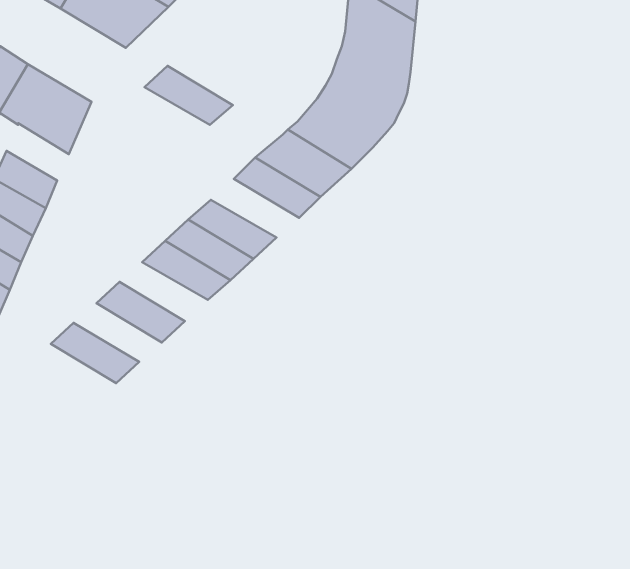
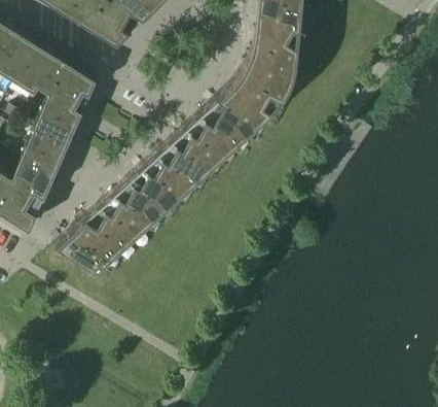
building: [144,66,233,125] -> [171,129,226,166]
building: none -> [42,94,81,130]
building: none -> [113,181,169,218]
building: none -> [84,207,140,244]
building: none -> [54,233,111,271]

